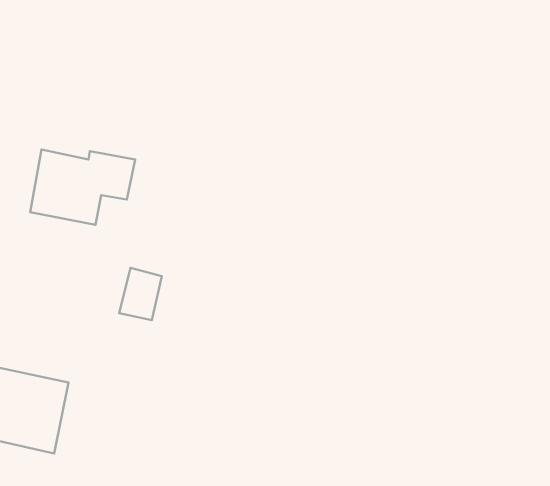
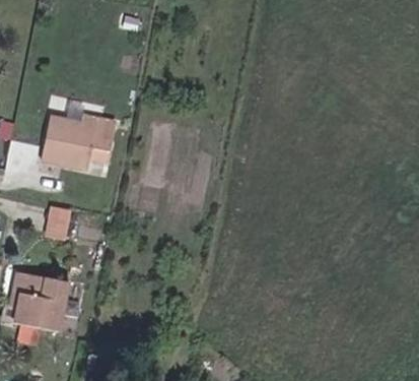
building: [119,268,162,320] -> [45,201,75,239]

